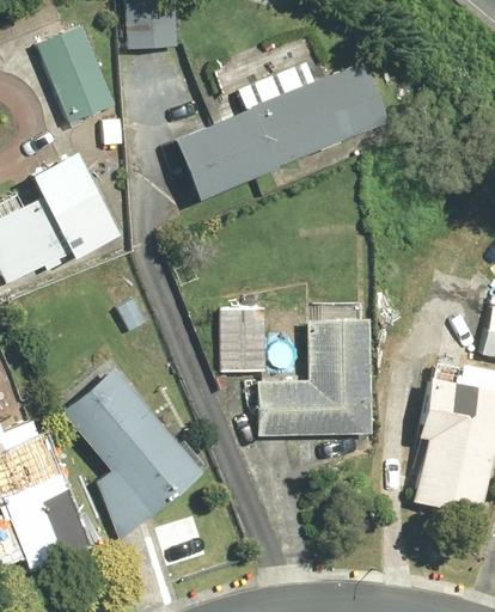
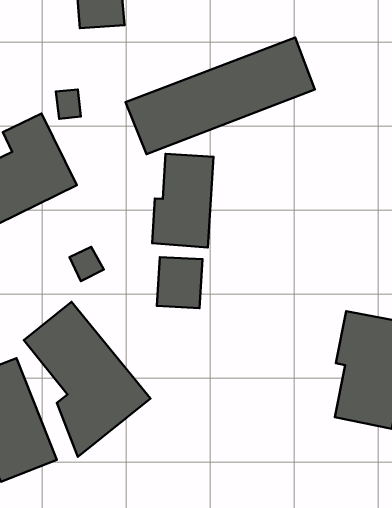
building: [37,25,116,123] -> none
building: none -> [152,154,214,247]
building: [257,319,374,437] -> none

